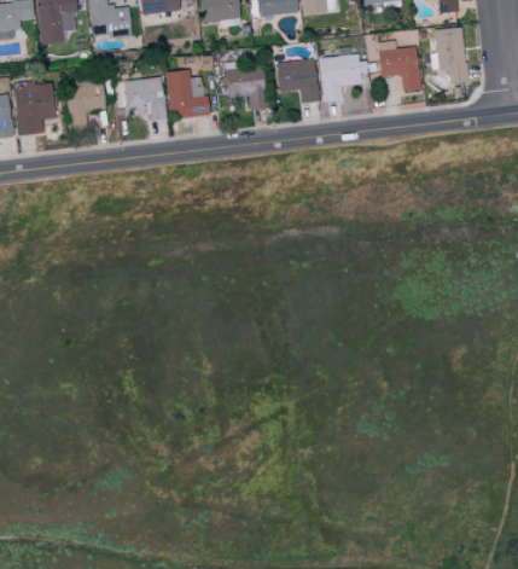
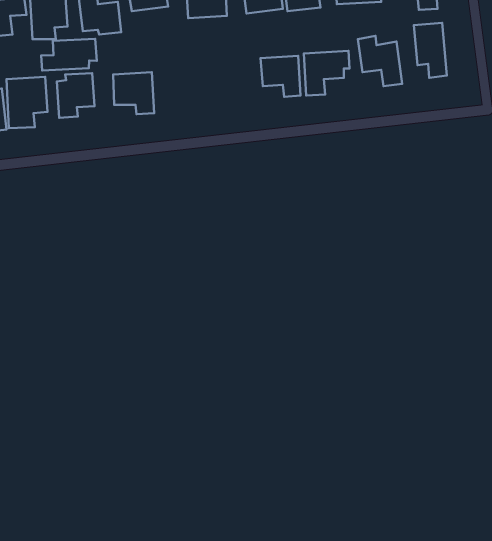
building: none -> [41,39,97,71]
building: [225,62,266,110] -> none
building: [165,70,208,118] -> none

